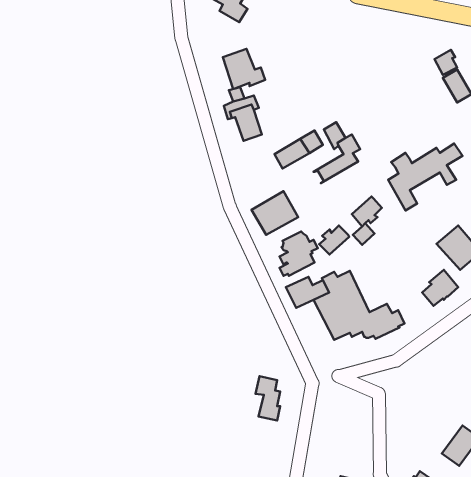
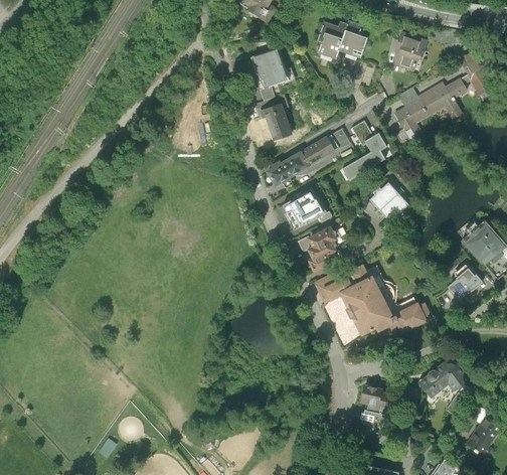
building: none -> [318,21,366,60]
building: none -> [394,33,426,65]
building: [388,144,462,211] -> [394,78,467,144]
building: none -> [268,152,311,187]
building: [319,225,349,254] -> [368,182,397,210]
building: none -> [418,362,471,418]
building: [256,376,280,421] -> [359,385,383,429]

